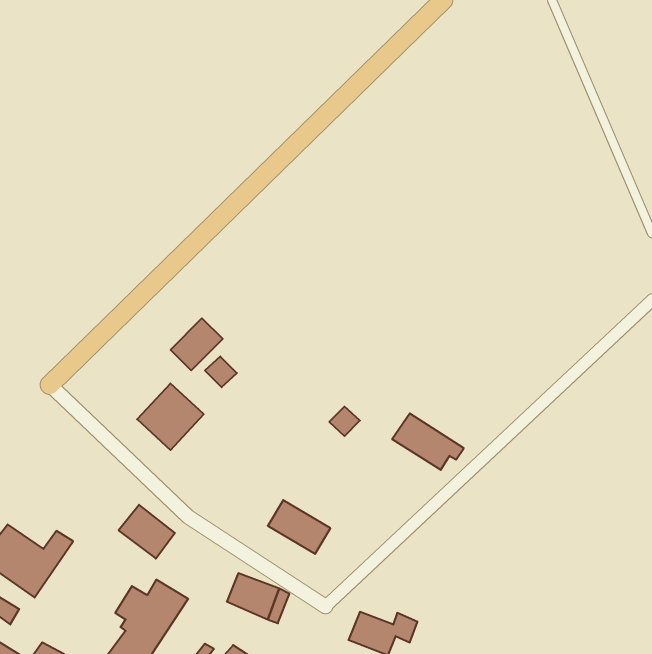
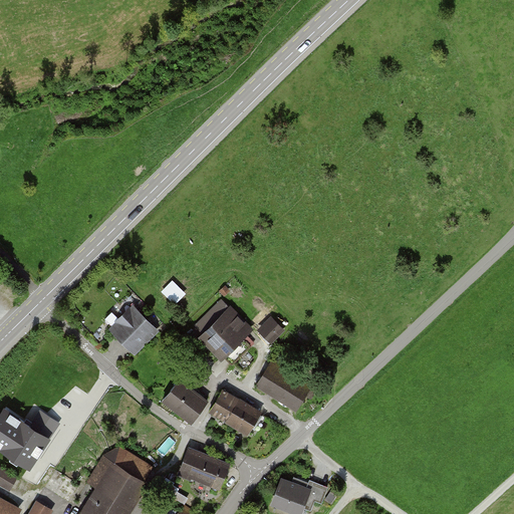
building: [171,318,223,370] -> none
building: none -> [195,302,249,355]
building: [392,413,464,470] -> [258,362,314,407]
building: [119,505,175,559] -> [162,380,206,423]

